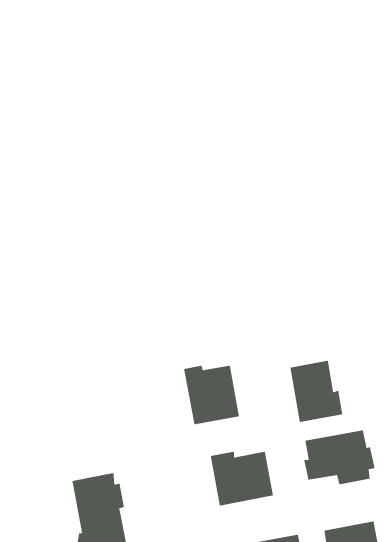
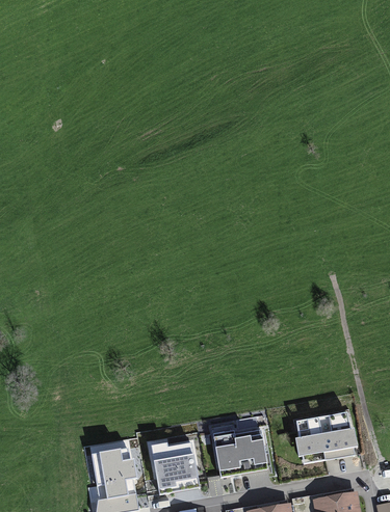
building: [290,360,343,423] -> none
building: [183,365,240,425] -> [150,441,200,494]

